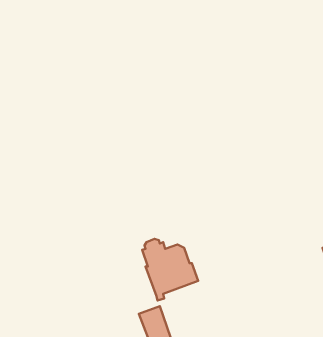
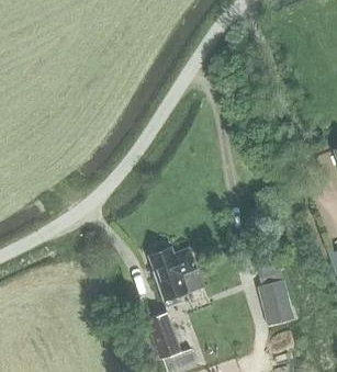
building: none -> [263,279,295,323]

